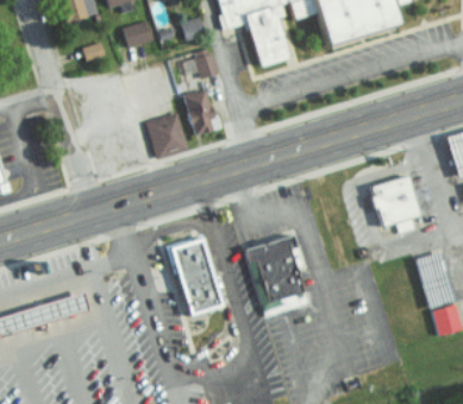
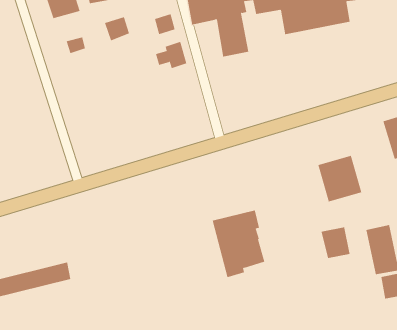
building: [183,88,219,135] -> none
building: [145,112,188,159] -> none
building: [170,232,233,321] -> none
building: none -> [321,226,350,259]

